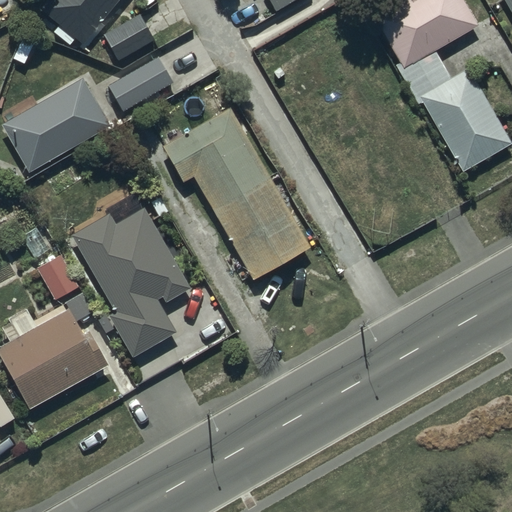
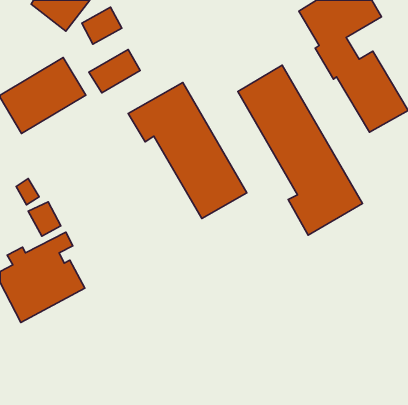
building: none -> [238,65,363,235]
building: [71,208,190,357] -> none

